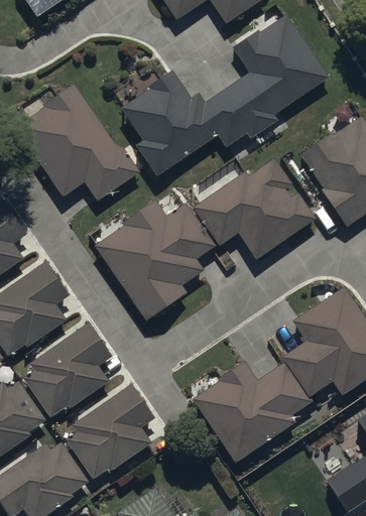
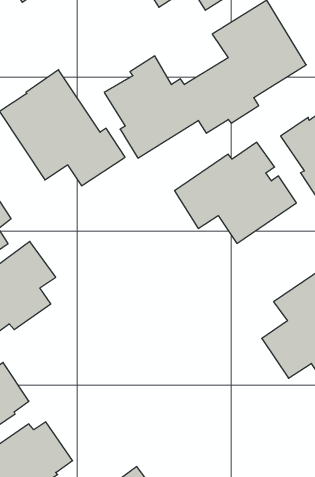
building: [95,203,215,320] -> none
building: [23,321,113,418] -> none
building: [193,361,310,464] -> none
building: [66,385,155,480] -> none

